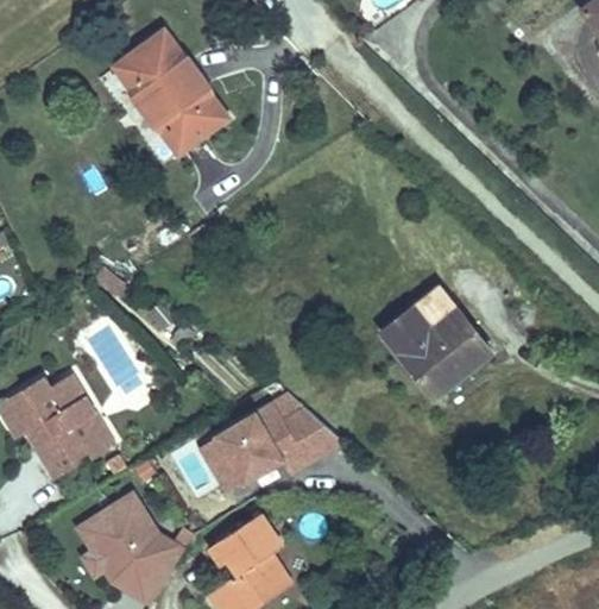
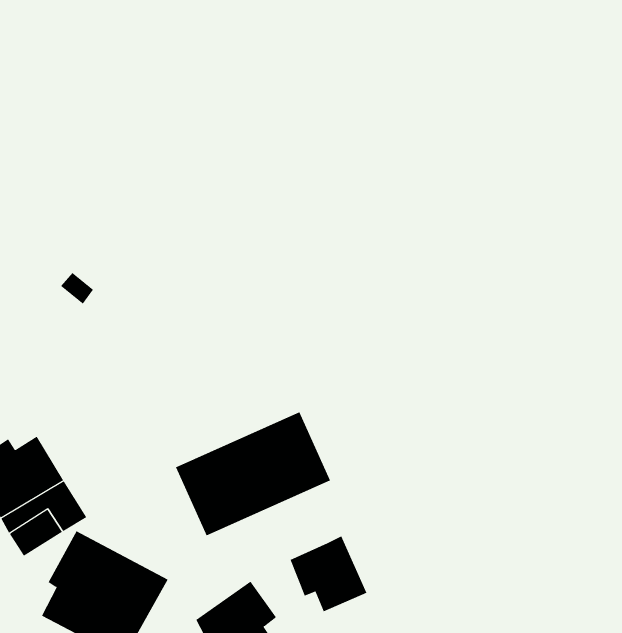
building: [106,40,220,167] -> none
building: [384,300,494,413] -> none
building: none -> [290,536,367,612]

